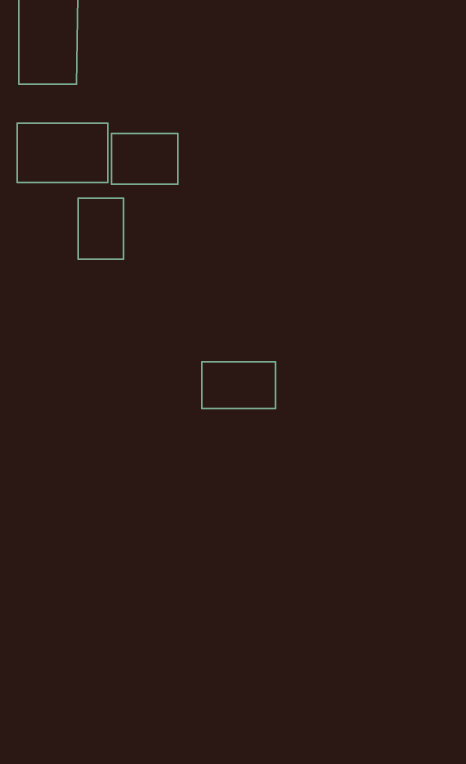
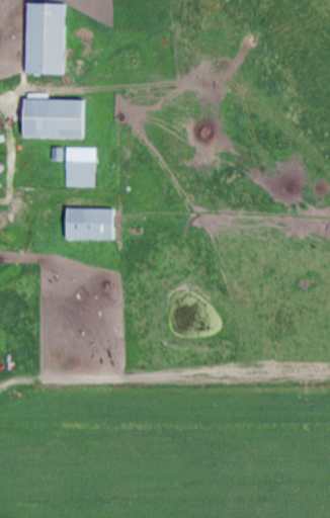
building: [111,133,178,184] -> none
building: [202,362,275,409] -> [66,208,113,239]

